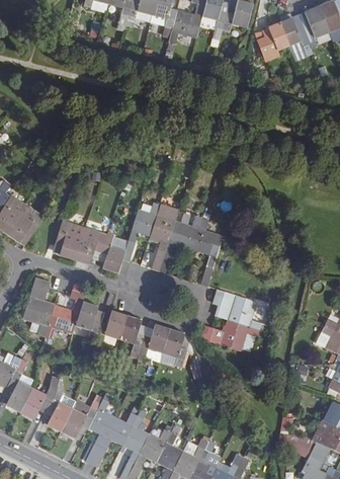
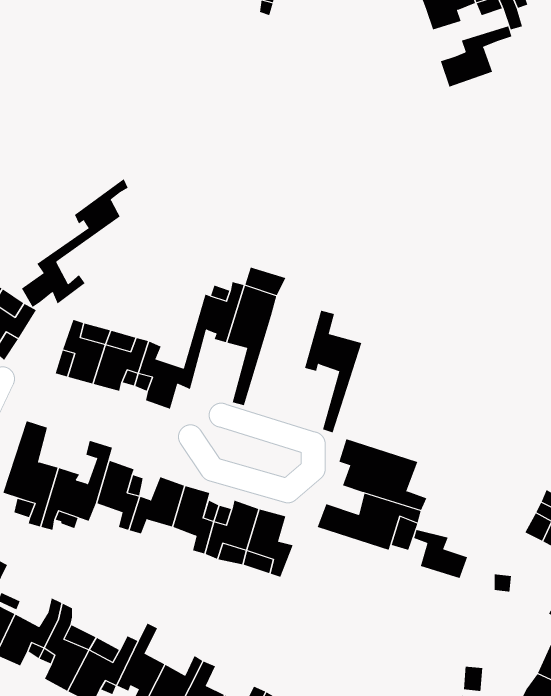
building: none -> [440,26,512,87]
building: none -> [21,178,128,308]
building: [159,215,201,272] -> none
building: none -> [413,529,468,579]

